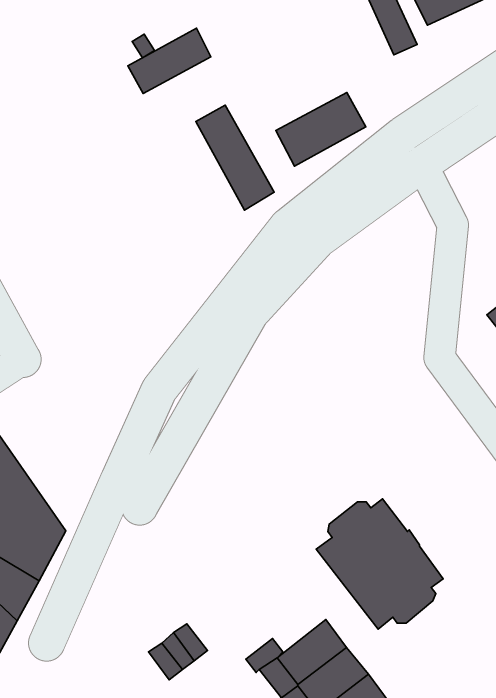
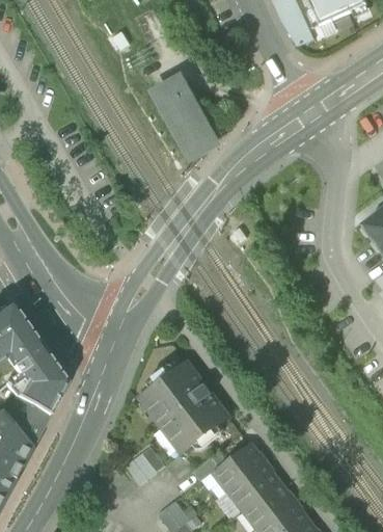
building: [128,28,211,93] -> none
building: [276,92,366,166] -> none
building: [316,499,443,629] -> [140,361,229,452]

